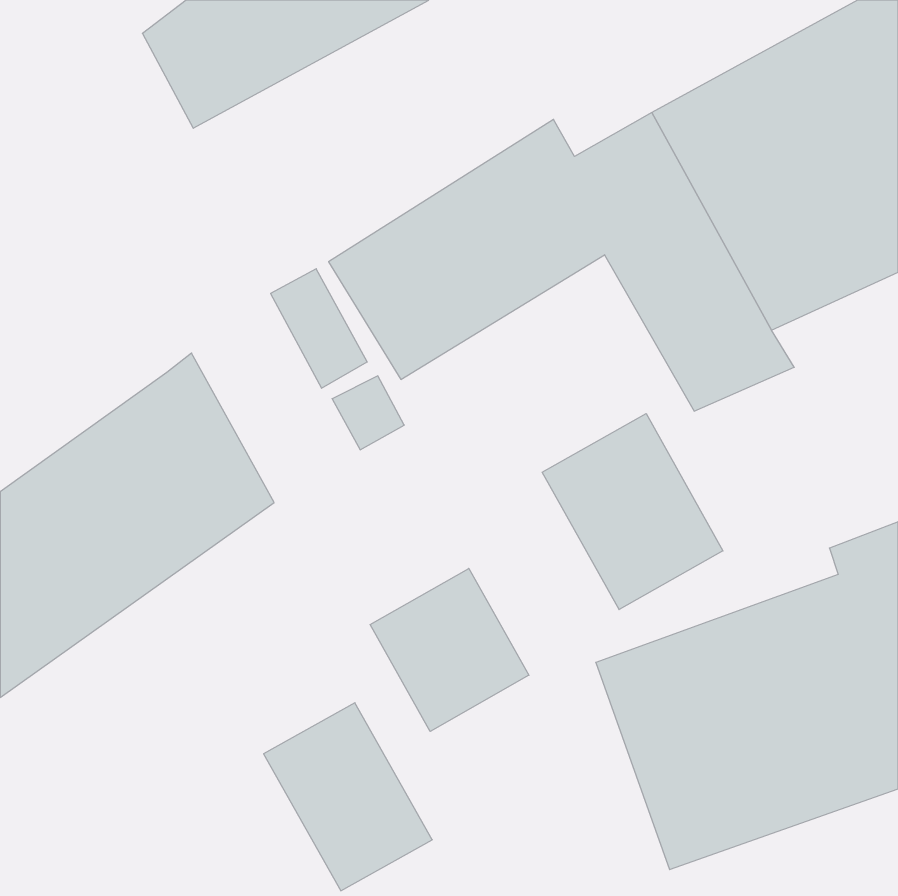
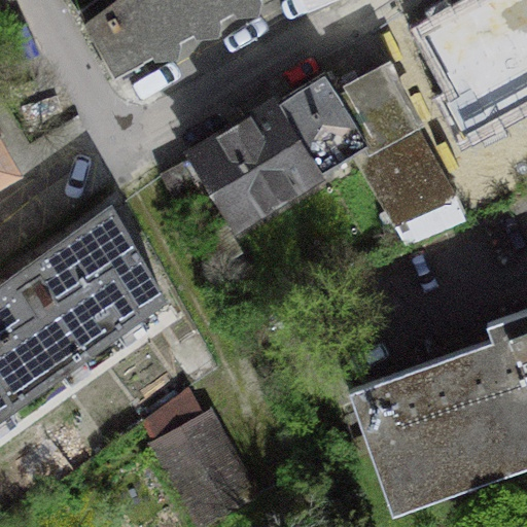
building: [542,414,723,610] -> none
building: [370,568,529,731] -> none

